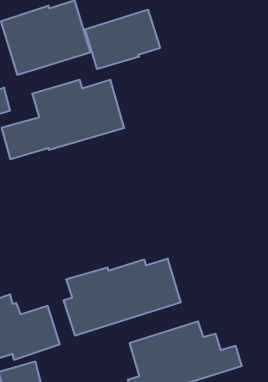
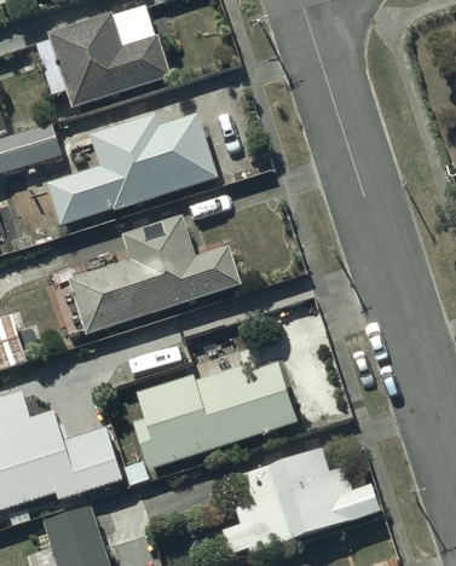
building: [85,10,160,69] -> none
building: none -> [65,214,239,333]

